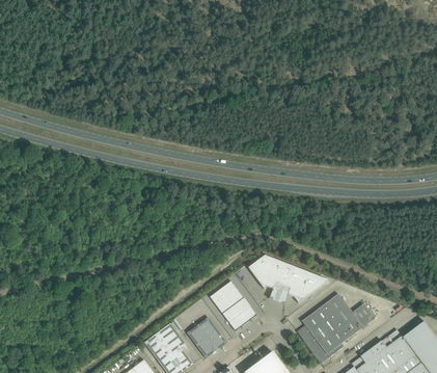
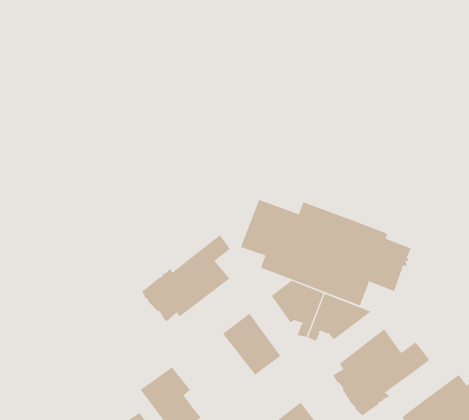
building: none -> [240,199,412,306]
building: none -> [142,234,231,322]
building: [187,317,227,358] -> none

